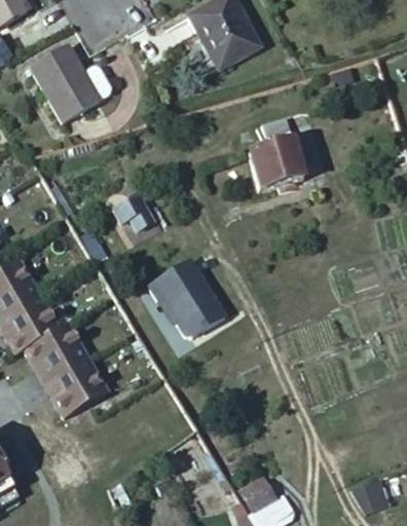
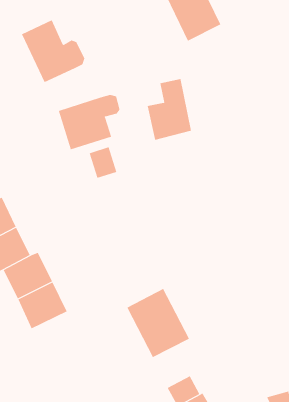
building: [246,118,301,194] -> [147,79,192,141]
building: none -> [58,94,120,150]
building: [150,257,228,341] -> [126,288,190,358]

